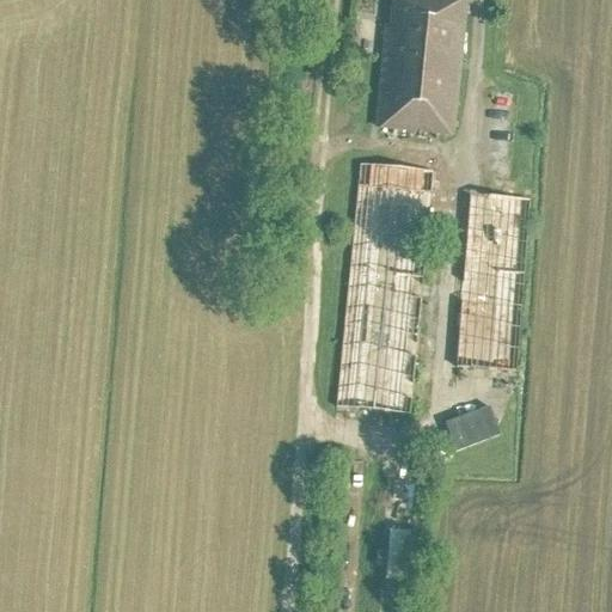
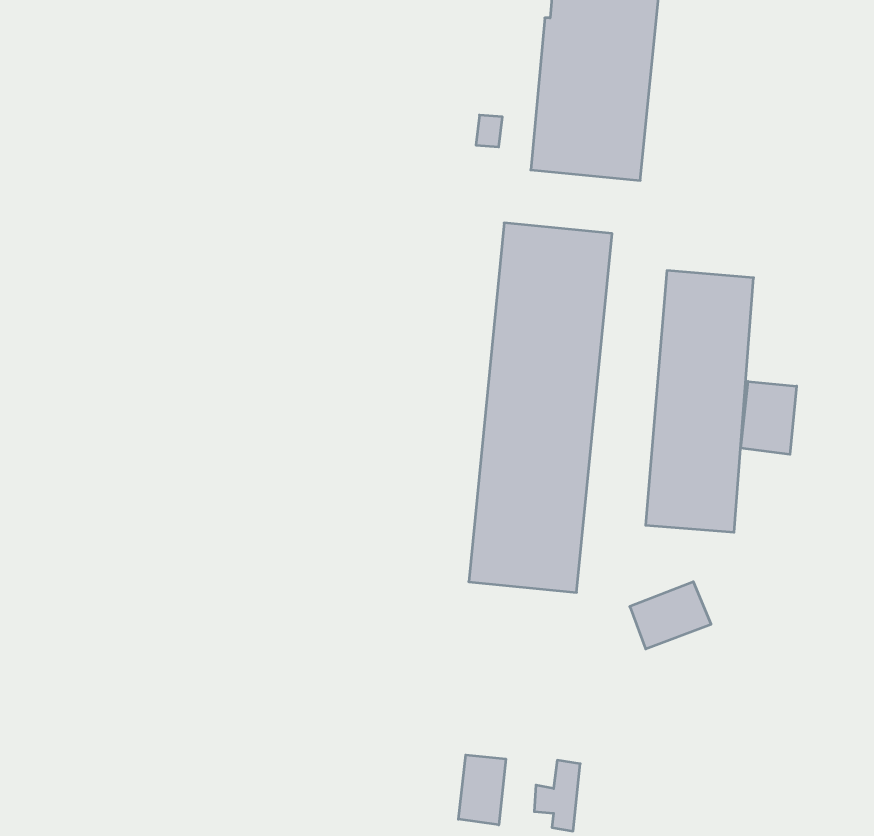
building: none -> [741,381,797,454]
building: none -> [458,755,506,825]

